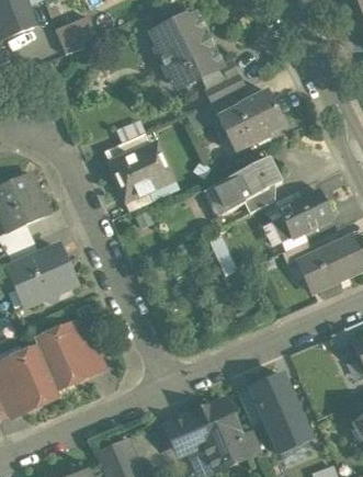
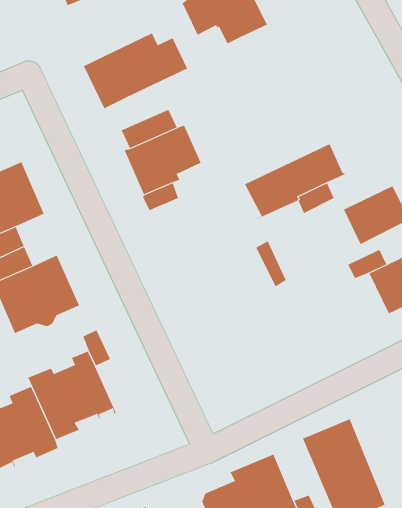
building: [201,59,243,102] -> none
building: none -> [83,32,188,109]
building: [217,90,286,151] -> none

